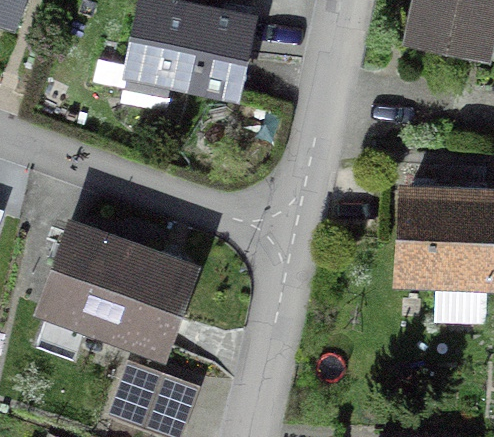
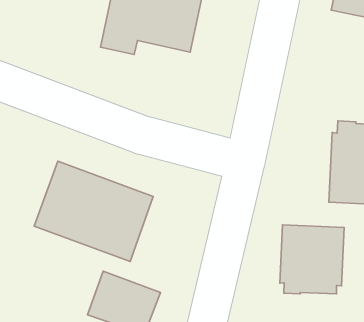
building: none -> [280,225,344,294]

